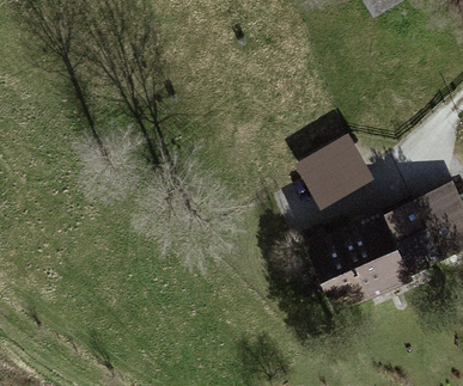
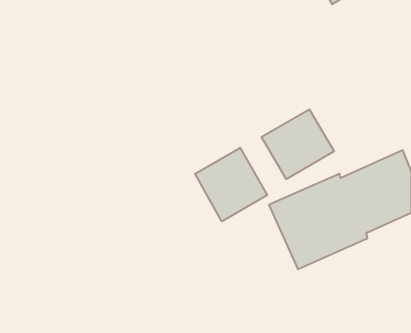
building: none -> [195,148,267,221]

